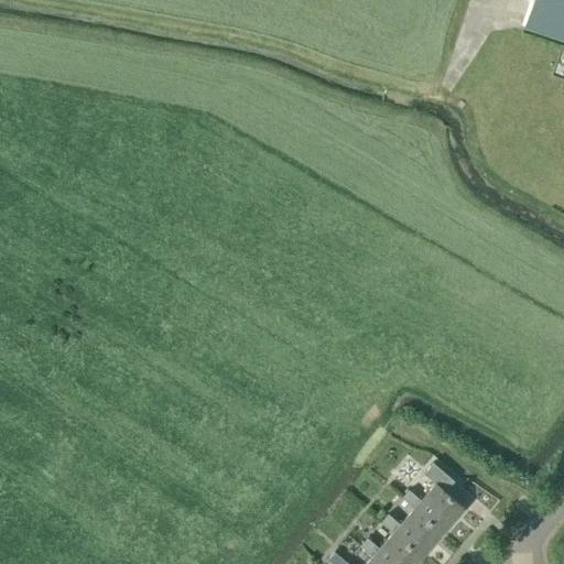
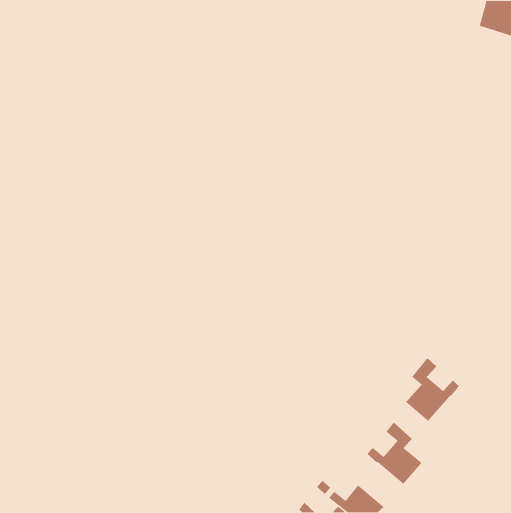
building: none -> [405,357,460,422]
building: [383,508,445,556] -> none

